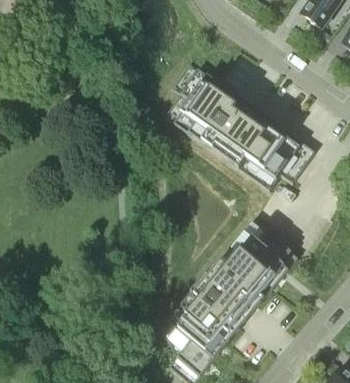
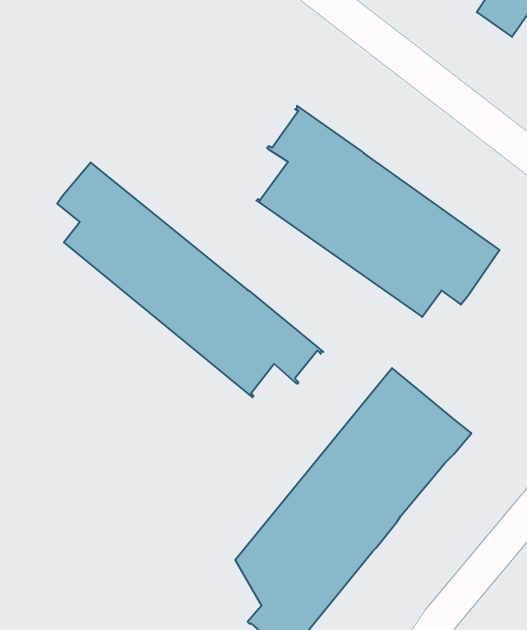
building: none -> [57,162,323,397]

